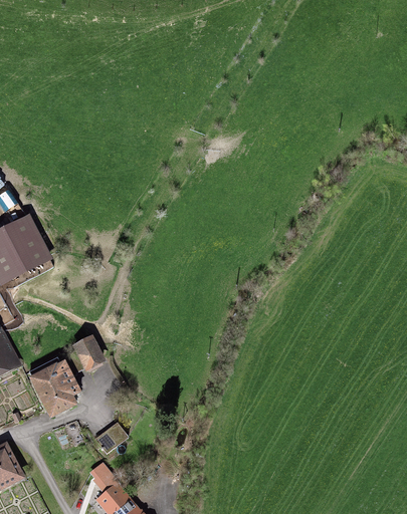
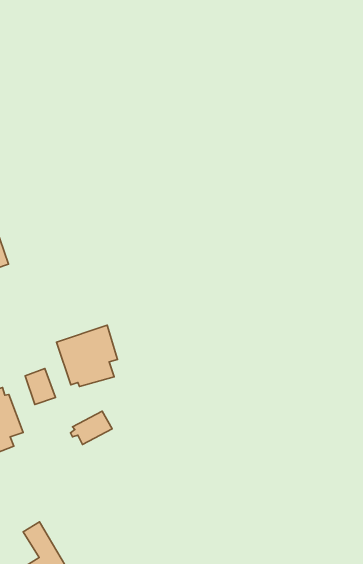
building: none -> [57,325,118,386]
building: [95,425,129,454] -> [71,411,112,444]

